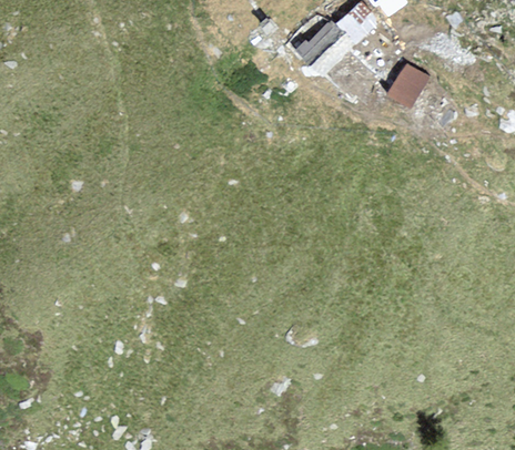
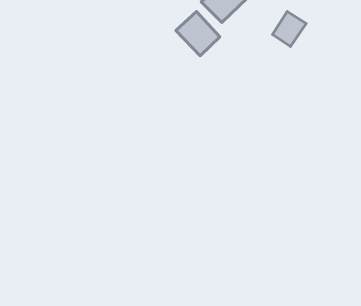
building: none -> [176,11,220,56]

